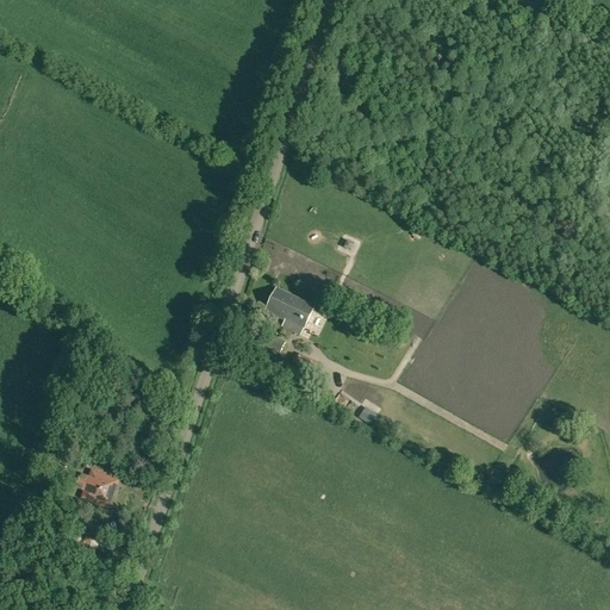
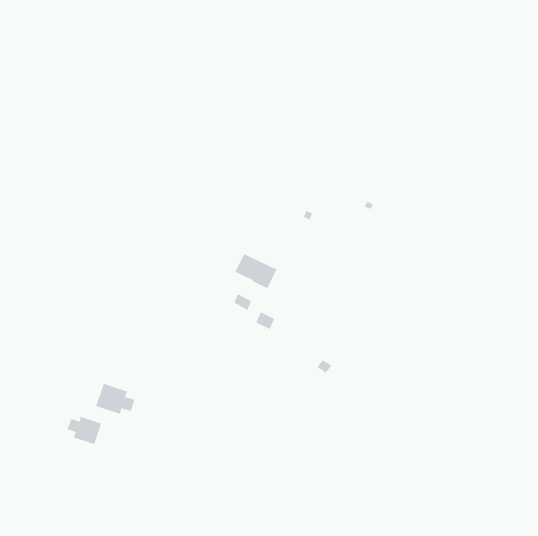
building: none -> [95,383,135,415]

